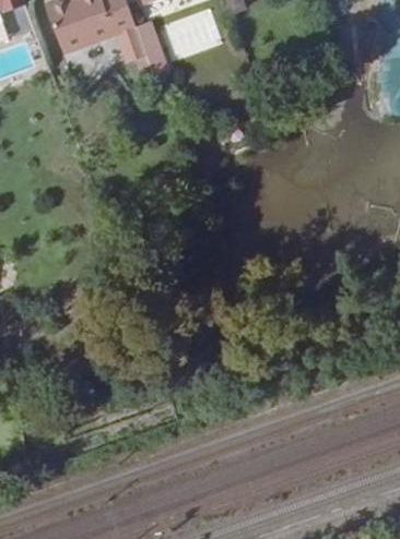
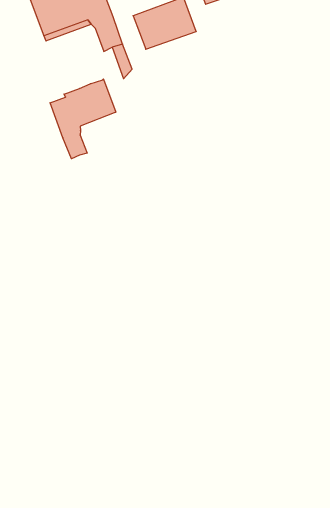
building: none -> [50,79,116,159]

